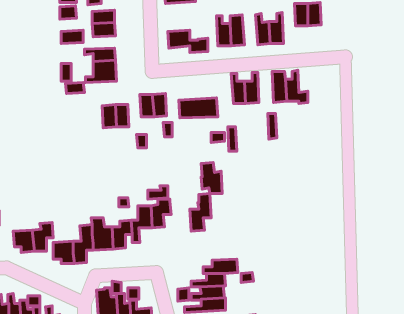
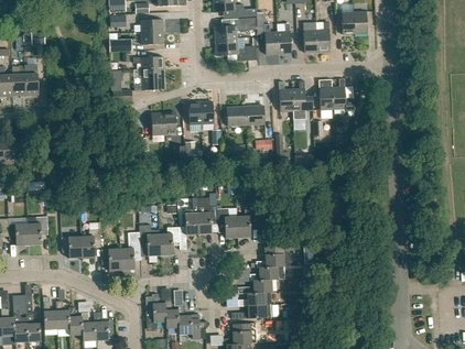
building: none -> [214,18,256,40]
building: [201,162,222,194] -> [217,207,238,238]
building: none -> [257,246,289,266]

